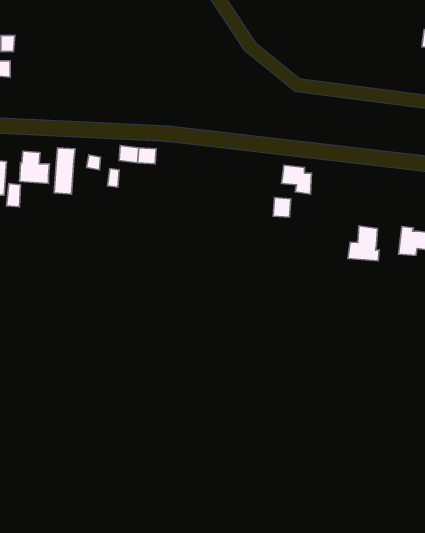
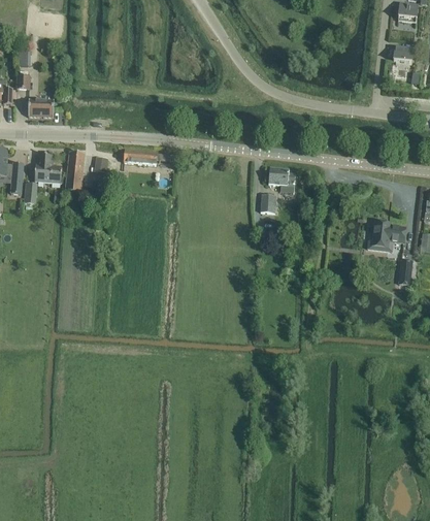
building: none -> [28,99,54,117]
building: [348,226,379,261] -> none

